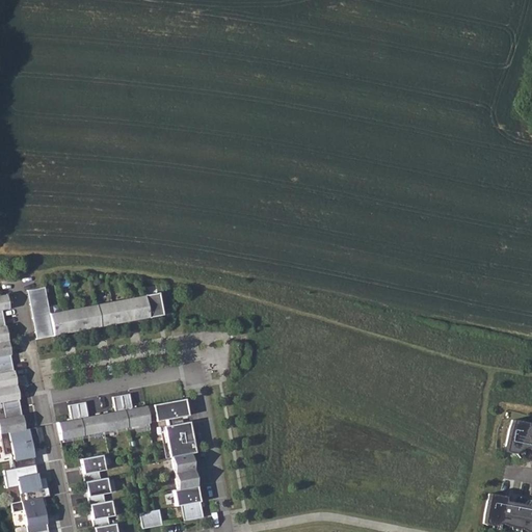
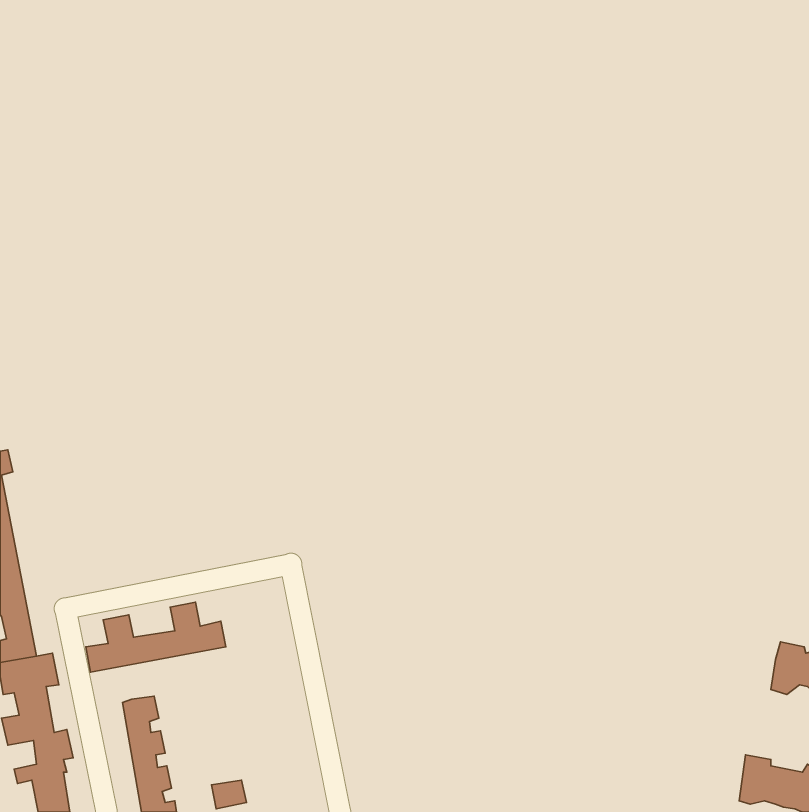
building: [29,287,164,339] -> none
building: [147,399,189,423] -> none
building: [165,422,204,521] -> none

